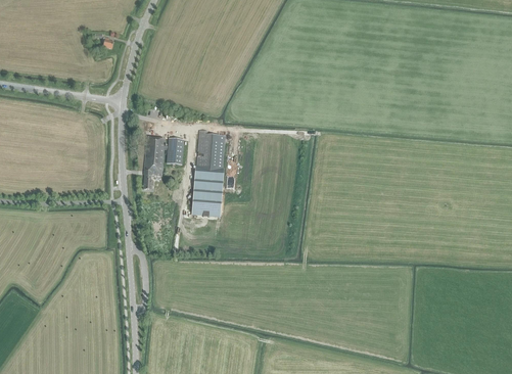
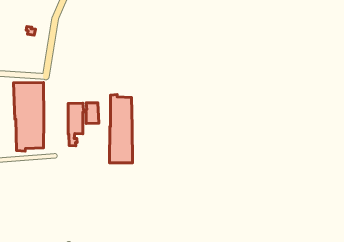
building: none -> [14,83,44,151]

